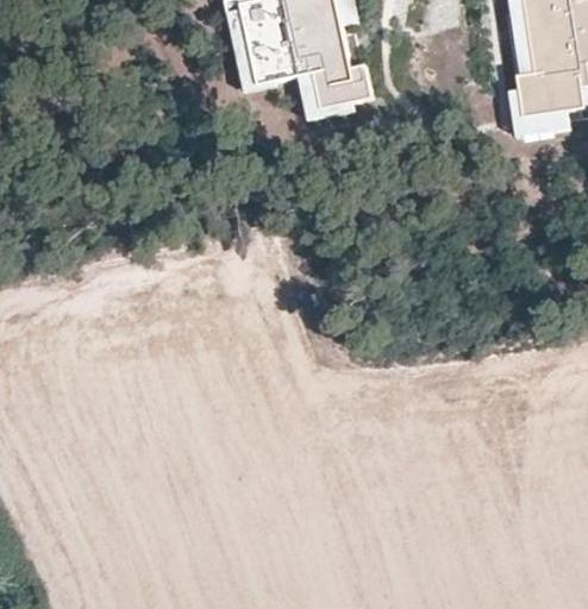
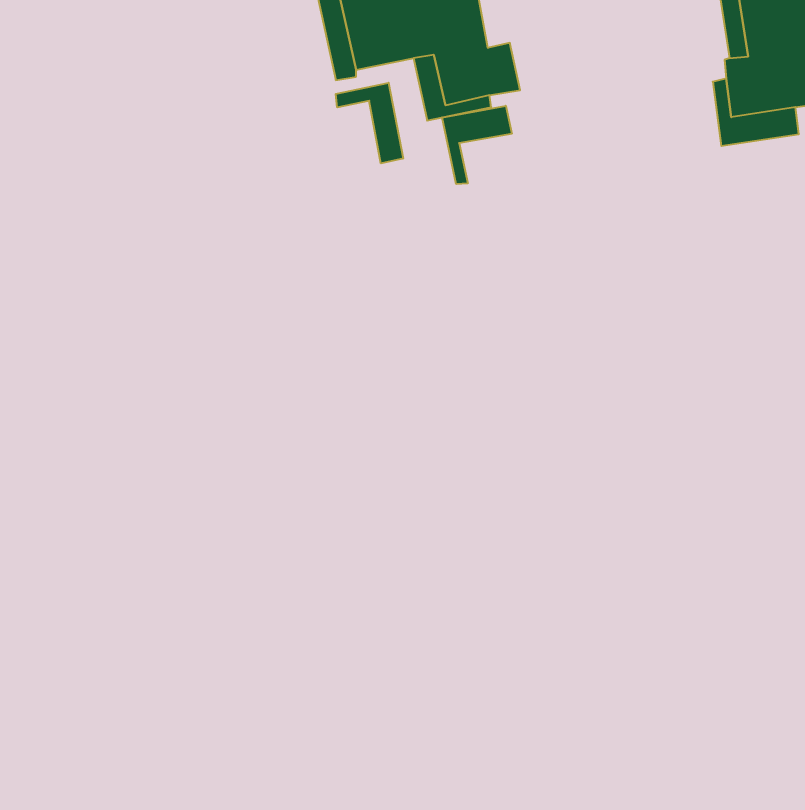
building: none -> [336,83,403,163]
building: none -> [442,106,512,184]

